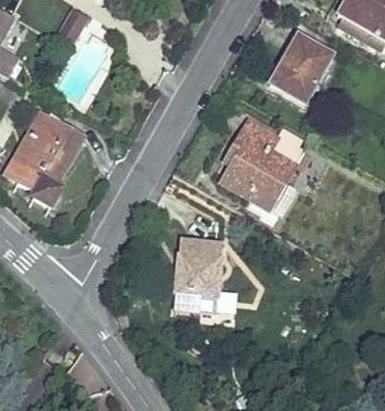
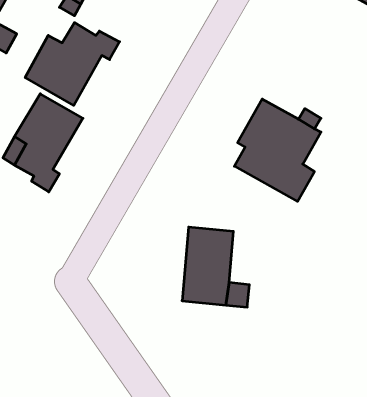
building: [269,35,331,103] -> none
building: none -> [25,23,120,105]

